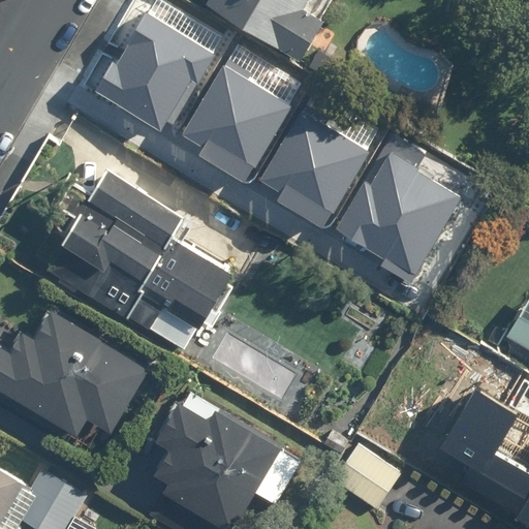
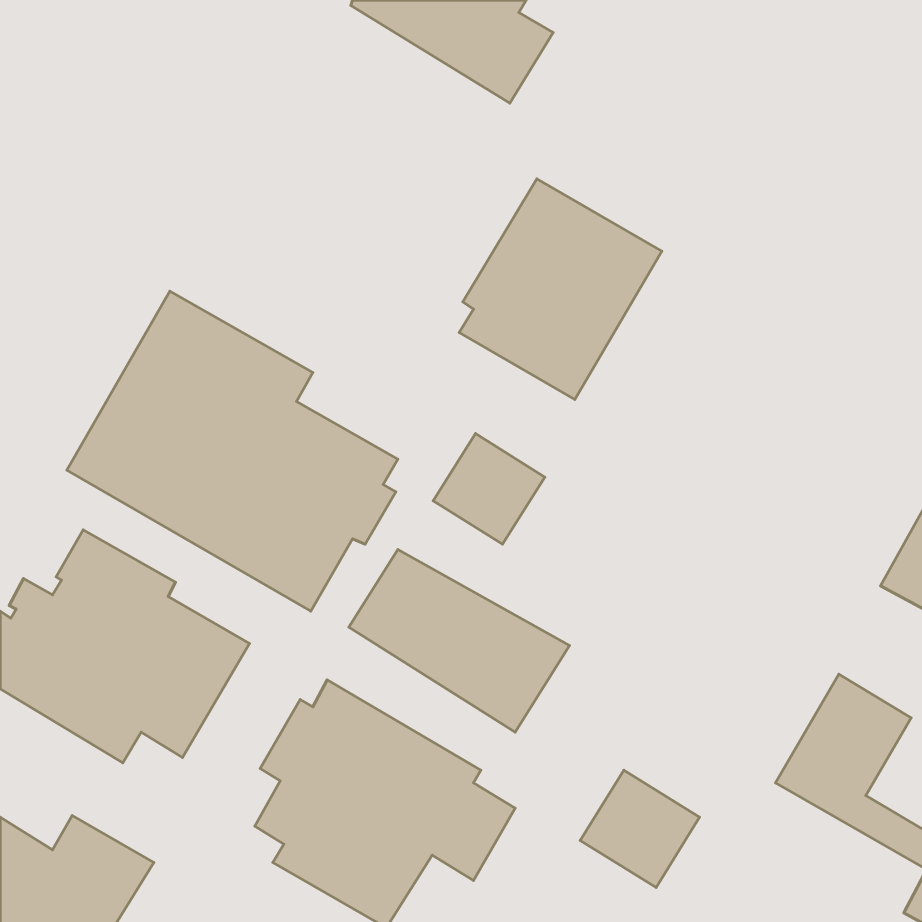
building: [96,12,218,134] -> none
building: [183,56,299,182] -> none
building: [333,156,468,286] -> none
building: none -> [433,434,545,544]

